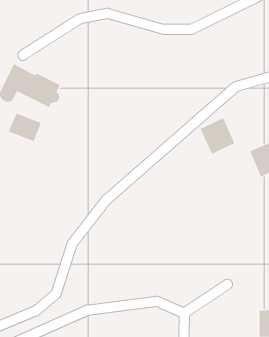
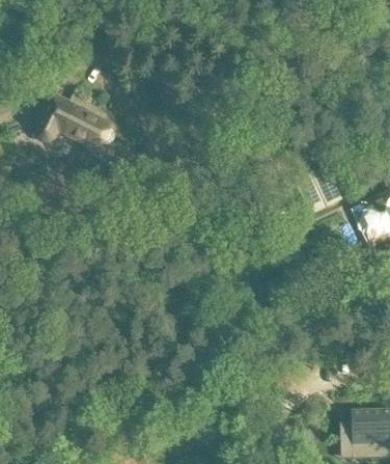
building: [8,112,42,142] -> none
building: none -> [355,413,374,442]

